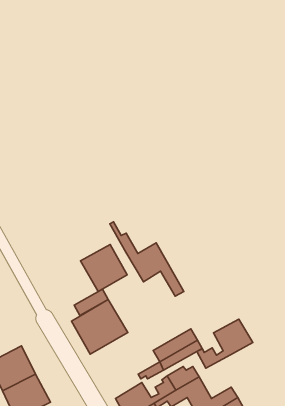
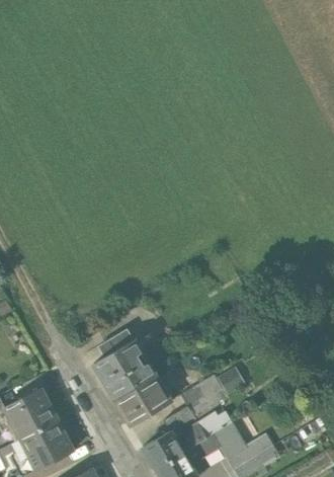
building: [110,222,184,296] -> none
building: [81,245,127,292] -> none
building: [197,319,253,368] -> none
building: none -> [114,376,171,426]

